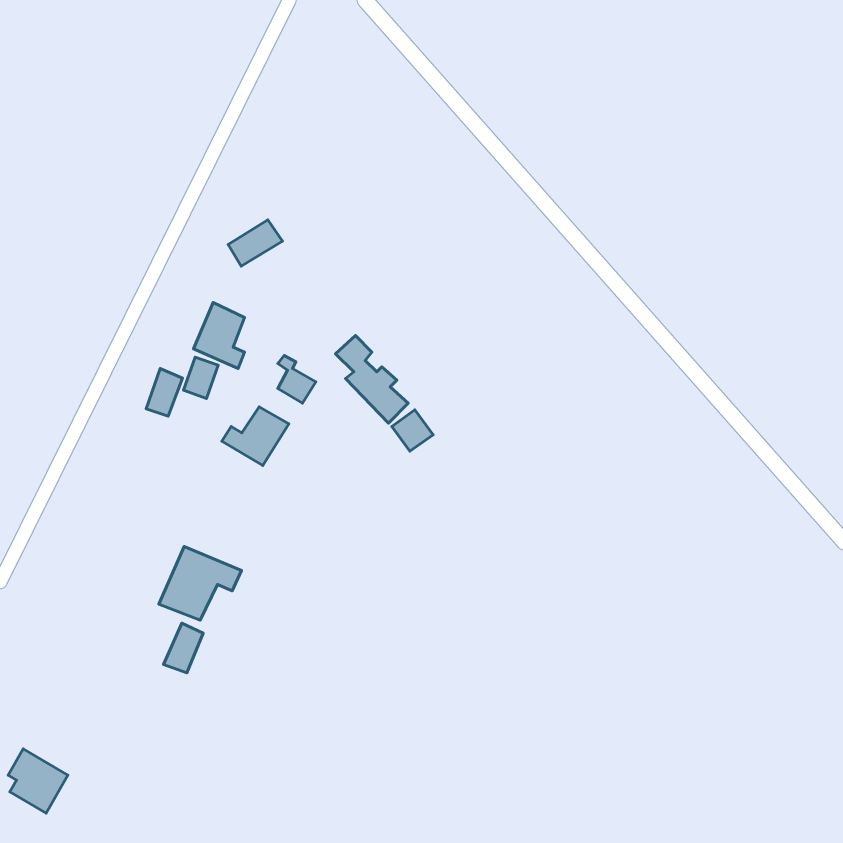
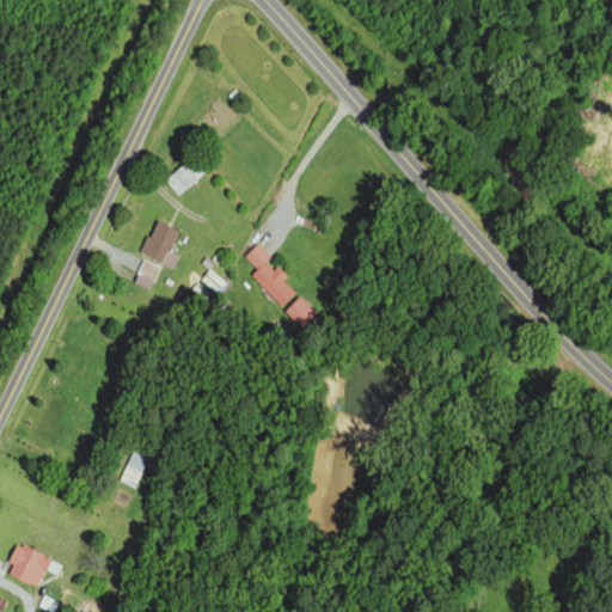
building: [146,369,182,416] -> none
building: [222,407,289,466] -> none
building: [159,546,242,620] -> none

